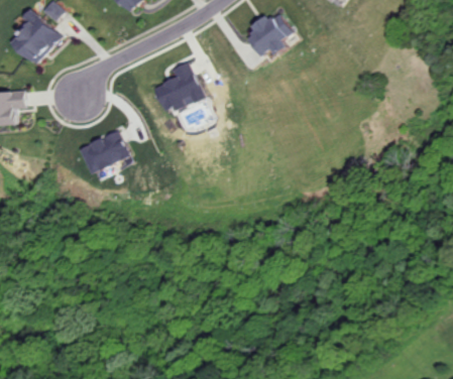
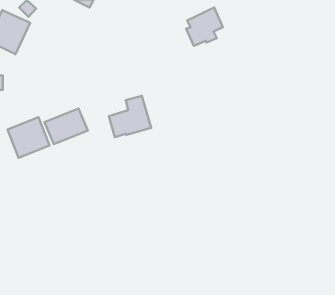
building: [151,61,202,111] -> [109,96,151,137]
building: none -> [7,117,49,158]

